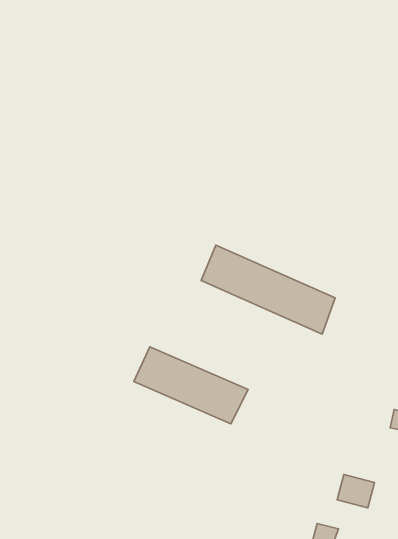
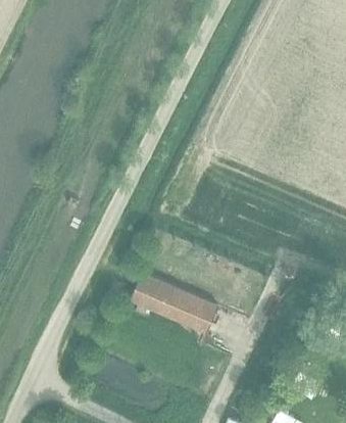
building: [201,245,335,334] -> none

